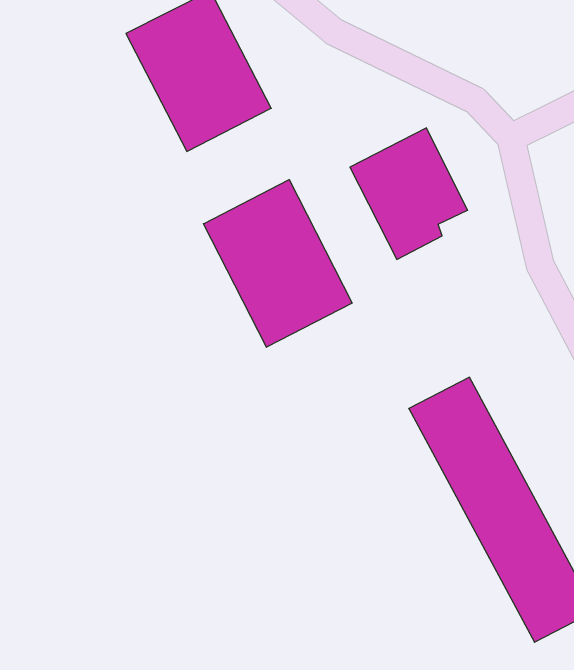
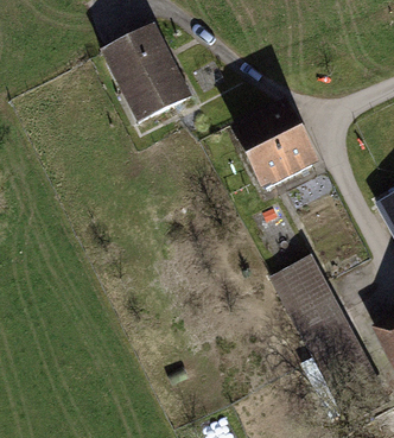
building: [203,180,352,347] -> none

